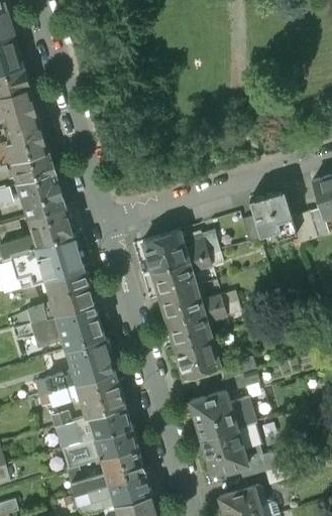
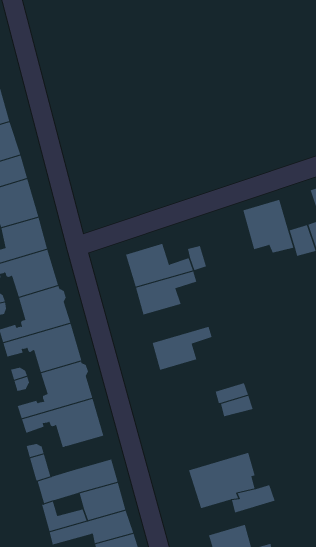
building: [158,287,219,322] -> none
building: [174,338,218,381] -> none
building: [189,391,255,438] -> none
building: [88,407,130,438] -> none

